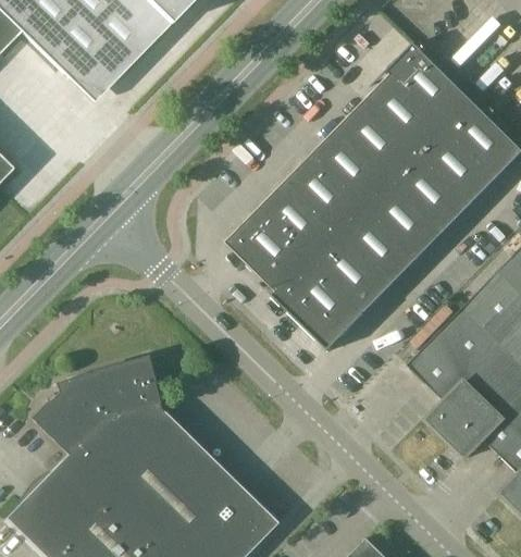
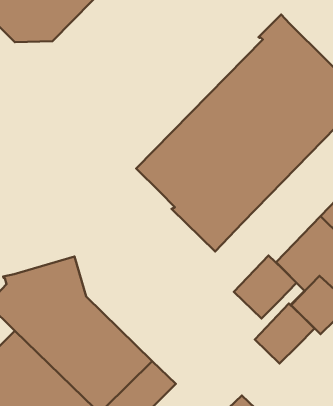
building: none -> [234,256,297,319]
building: none -> [255,304,314,364]

